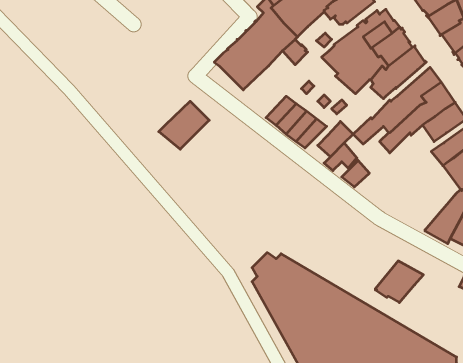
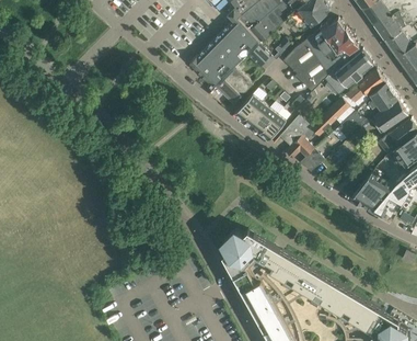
building: [159,101,209,149] -> [208,67,252,109]
building: [375,261,423,303] -> [350,173,392,209]

